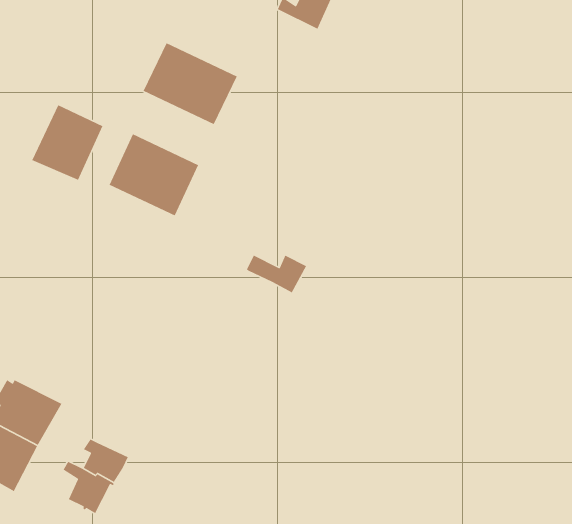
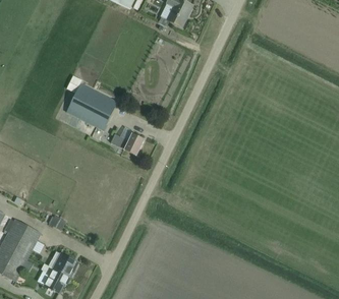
building: [142,42,238,125] -> none
building: [31,104,104,181] -> none
building: [246,255,307,294] -> [110,133,144,155]

